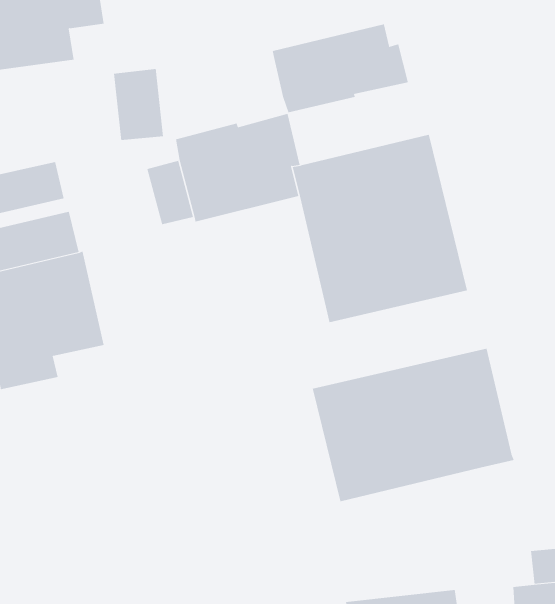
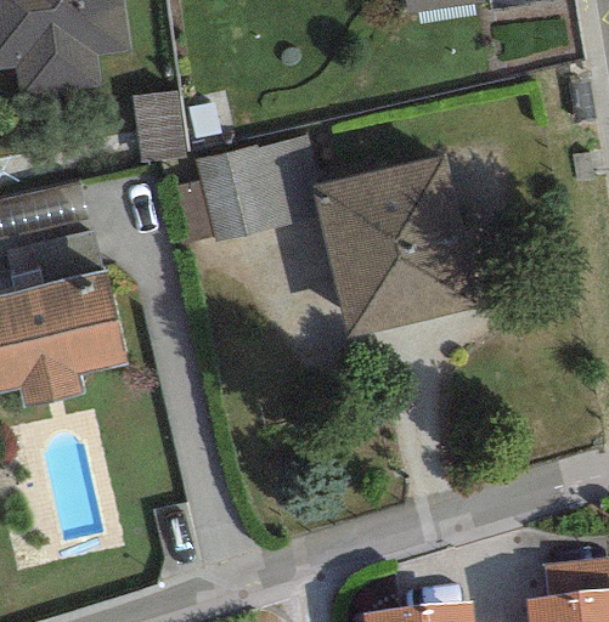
building: [272,24,409,113] -> none
building: [312,348,514,502] -> none

